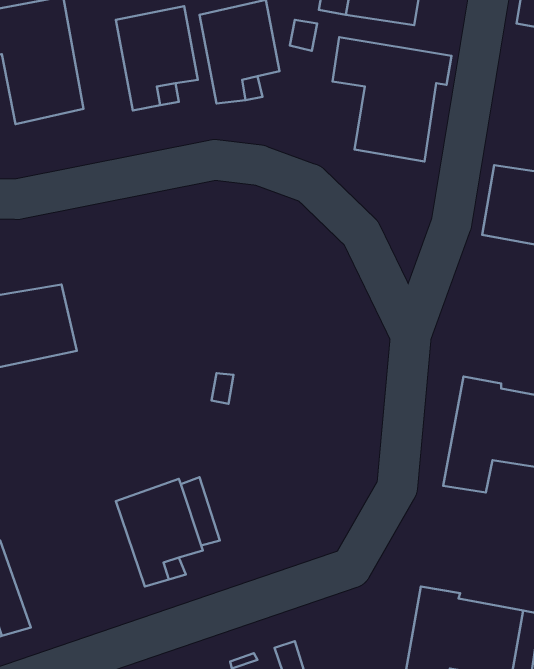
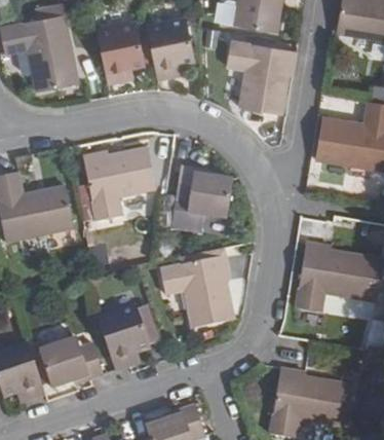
building: none -> [82,149,153,222]
building: none -> [169,167,231,234]
building: none -> [160,256,232,328]
building: none -> [39,337,102,387]

